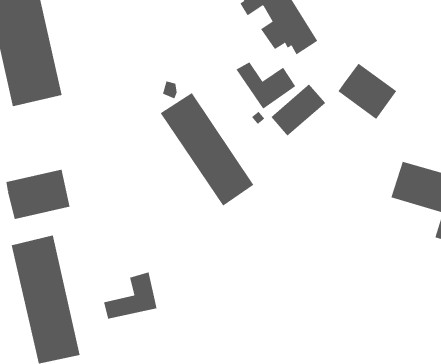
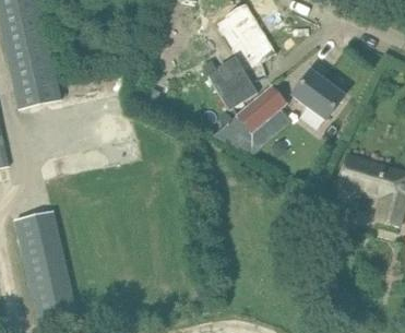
building: [160,92,254,207] -> none
building: [6,169,70,220] -> none
building: [103,271,157,320] -> none

